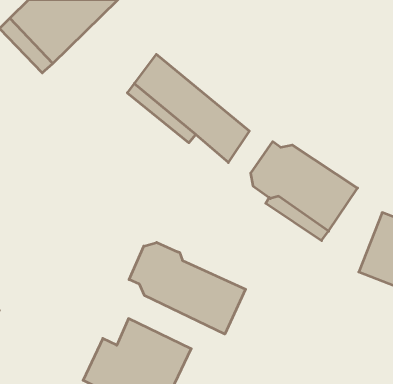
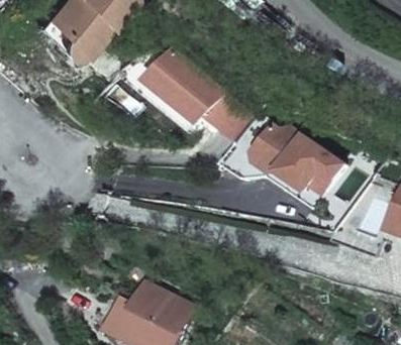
building: [129,242,246,334] -> none

